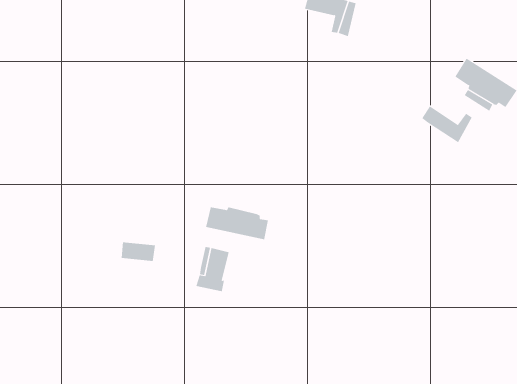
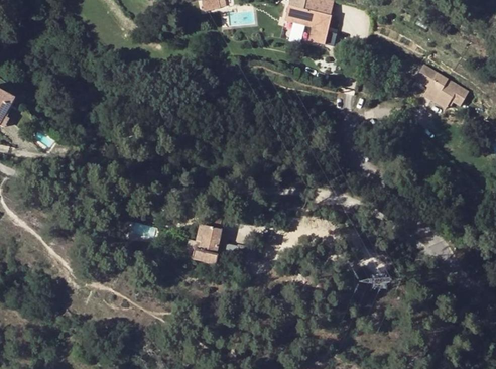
building: [421,105,472,143] -> none
building: [206,206,268,240] -> none

